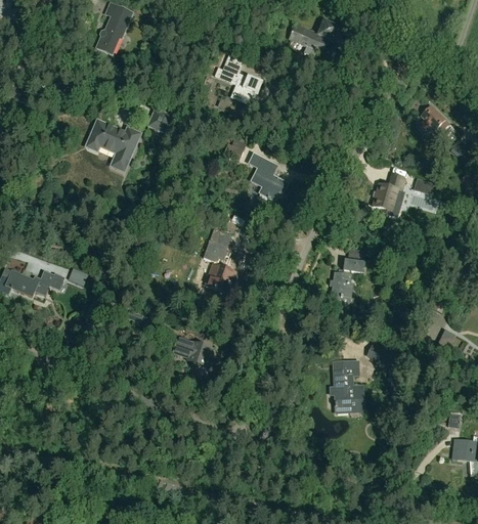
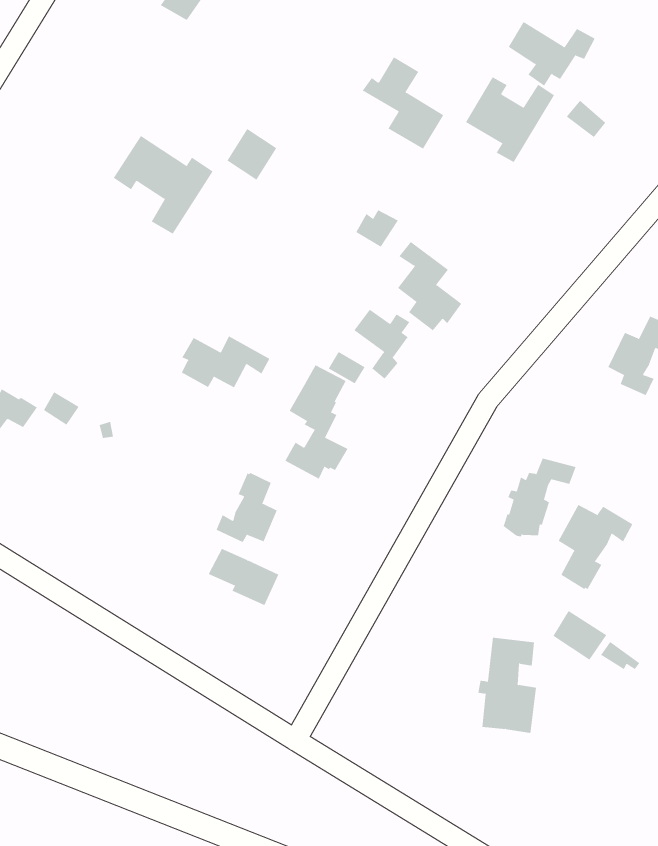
building: none -> [465,76,555,163]
building: none -> [353,309,410,379]
building: none -> [181,336,270,388]
building: none -> [558,504,633,590]
building: none -> [216,472,277,543]

